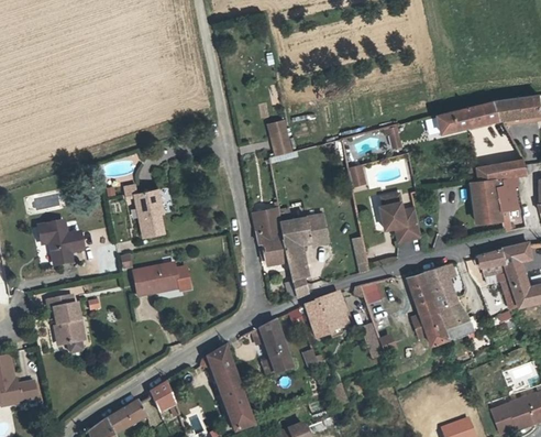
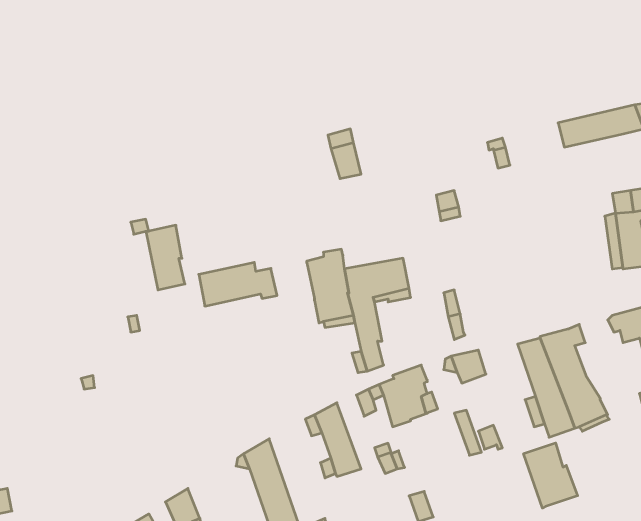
building: [379,194,421,241] -> none
building: [38,221,81,265] -> none
building: [133,263,190,295] -> [199,262,277,306]
building: [47,295,84,352] -> none
building: none -> [524,443,578,508]

